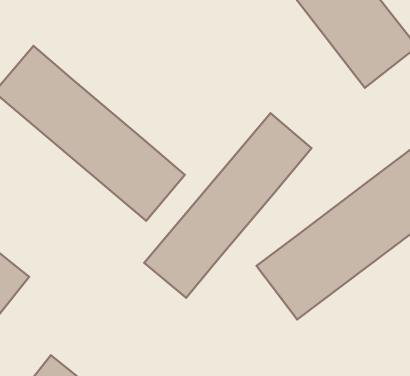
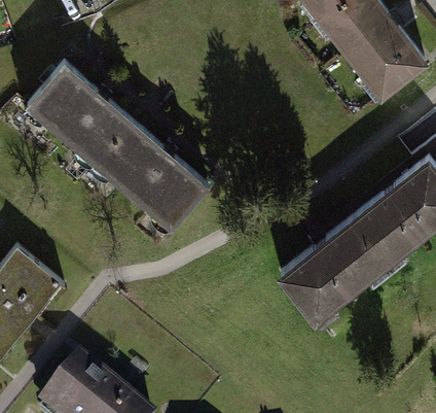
building: [144,113,312,298] -> none

